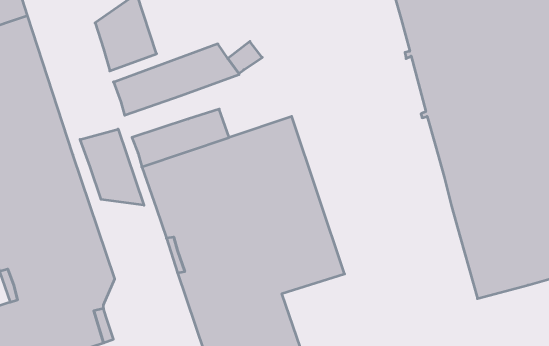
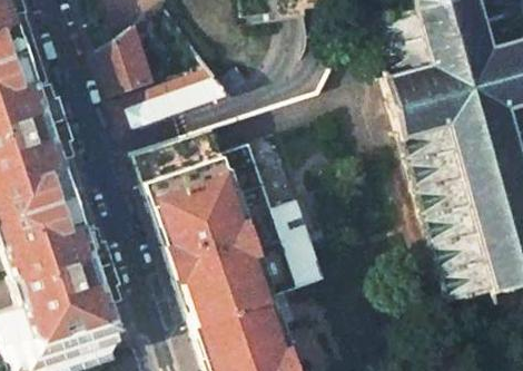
building: [80,129,144,205] -> none

